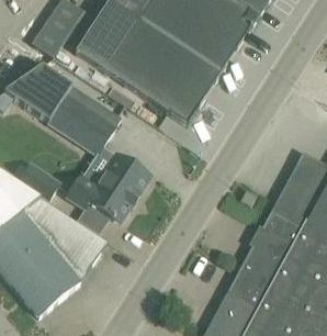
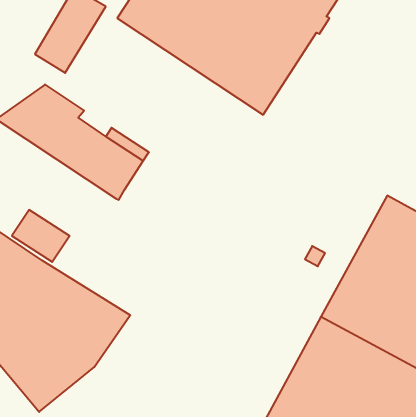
building: [75,16,208,124] -> none
building: [69,147,149,222] -> none

